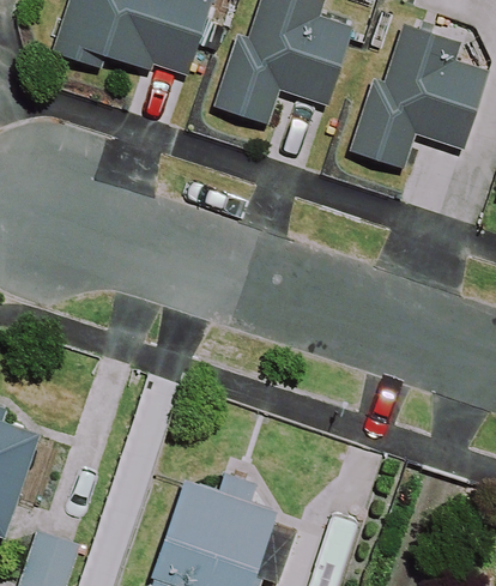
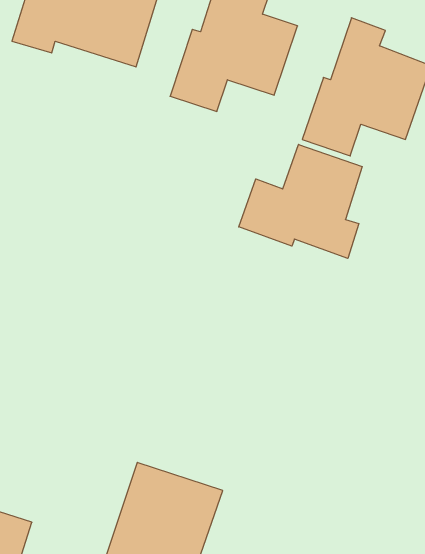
building: none -> [239,144,362,258]

